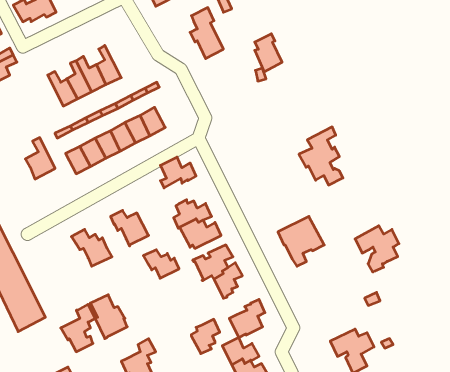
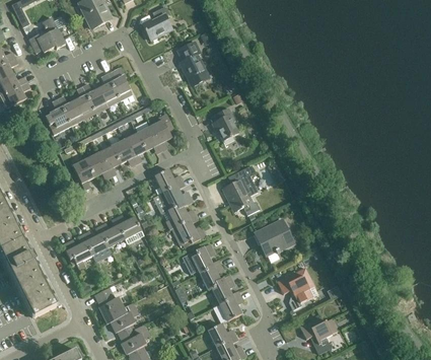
building: [255,34,282,72] -> [214,107,237,140]
building: none -> [106,66,133,100]
building: none -> [149,113,172,143]
building: [299,127,343,185] -> [222,164,260,214]
building: [25,138,55,179] -> [46,98,71,134]
building: none -> [157,187,193,211]
building: [355,226,399,272] -> [277,270,314,309]
building: none -> [62,238,92,270]
building: [143,250,179,278] -> [94,222,125,246]
building: [61,304,95,352] -> [110,301,139,342]
building: [191,319,220,354] -> [211,274,235,303]

